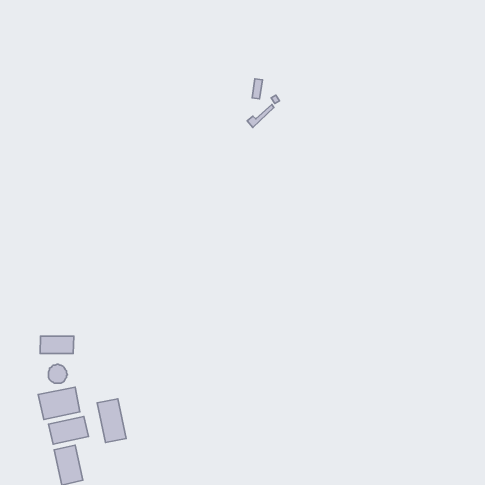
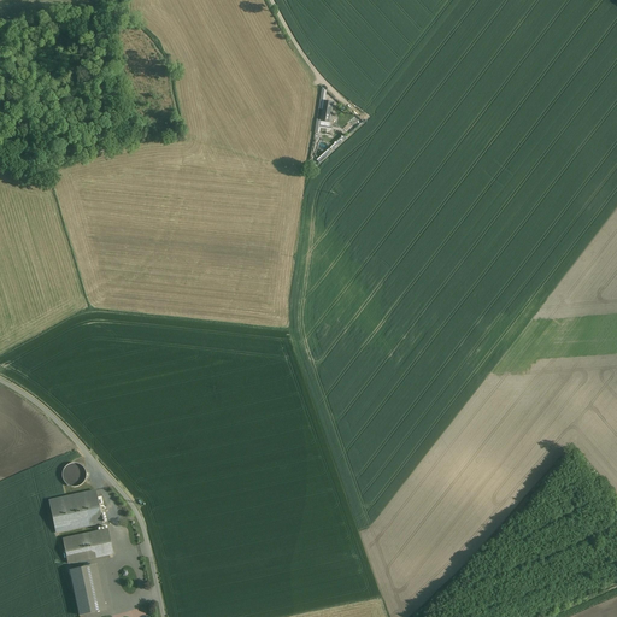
building: [40,336,74,353] -> none
building: [97,399,126,443] -> none

